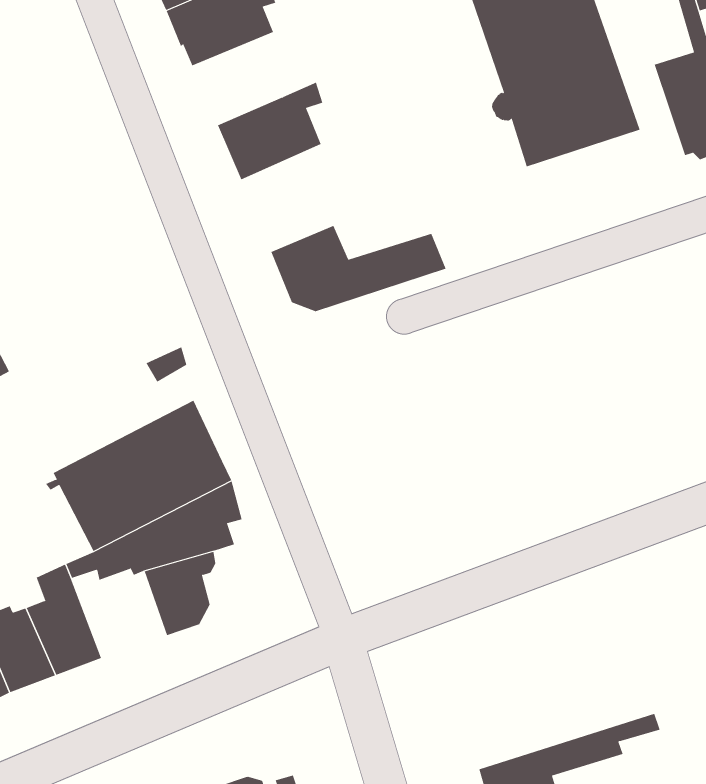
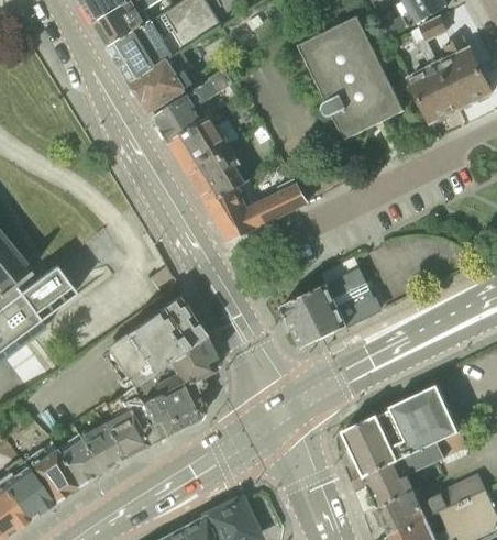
building: none -> [155,69,234,142]
building: none -> [187,144,251,208]
building: none -> [281,269,380,349]
building: none -> [124,395,181,447]
building: none -> [343,387,459,478]

